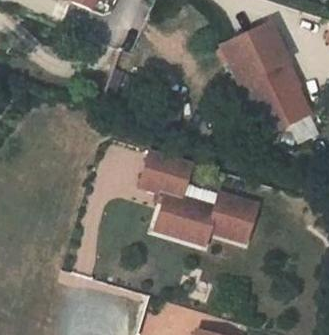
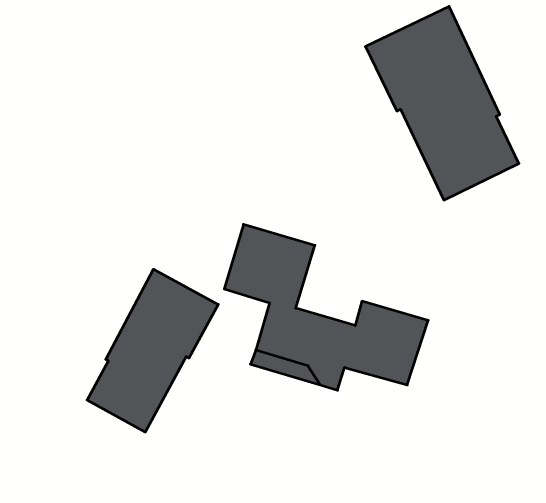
building: none -> [87,269,218,432]

